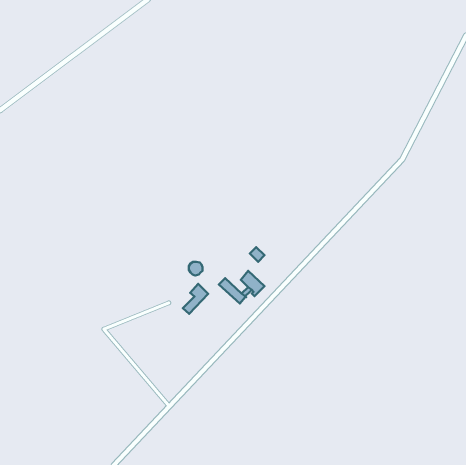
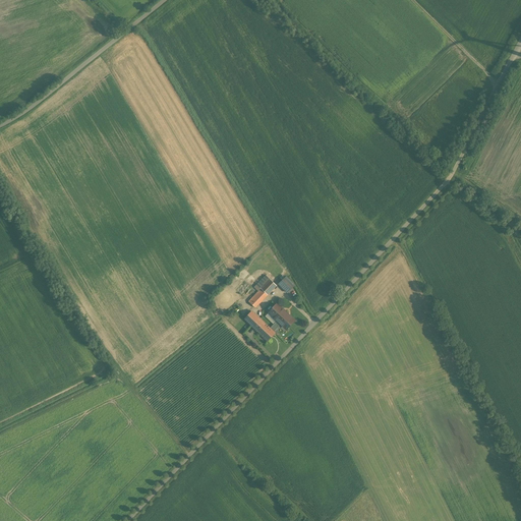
building: [183,284,208,314] -> [248,274,277,307]

